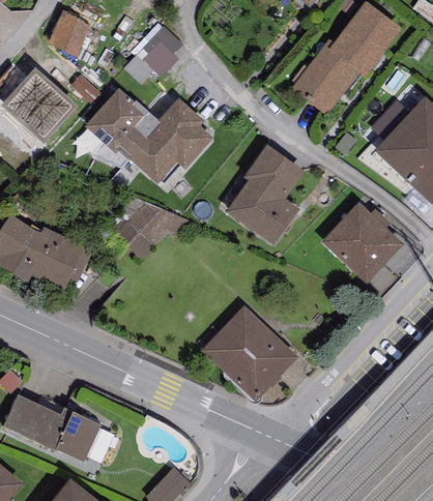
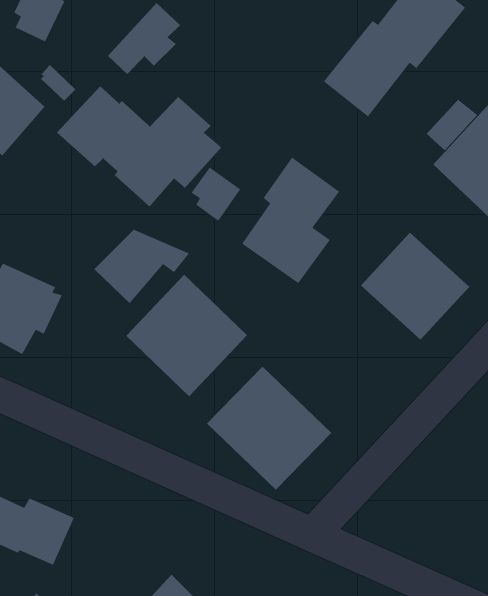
building: none -> [191,166,241,222]
building: none -> [125,274,248,397]

